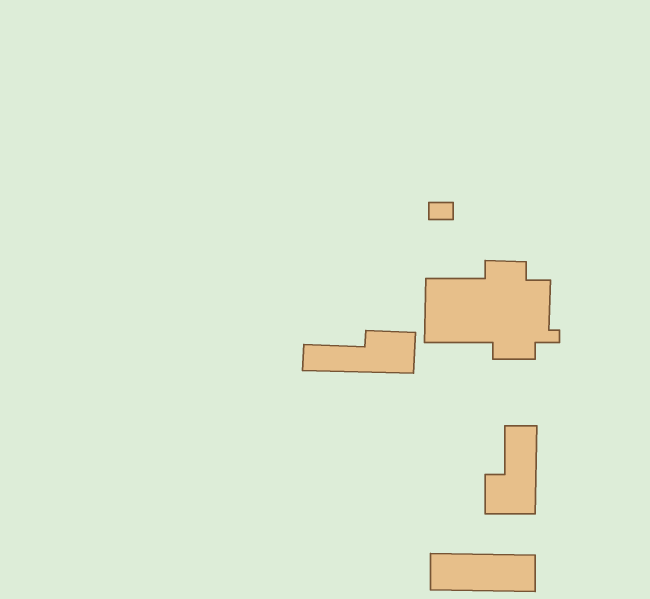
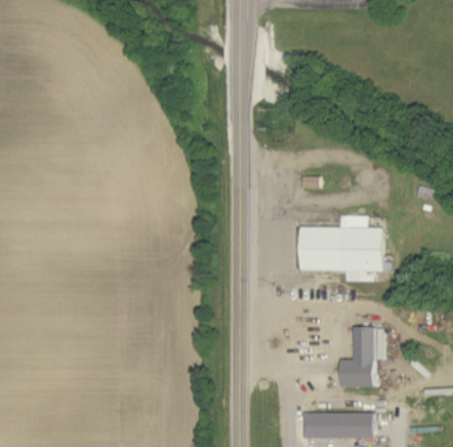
building: [302,331,415,373] -> none

